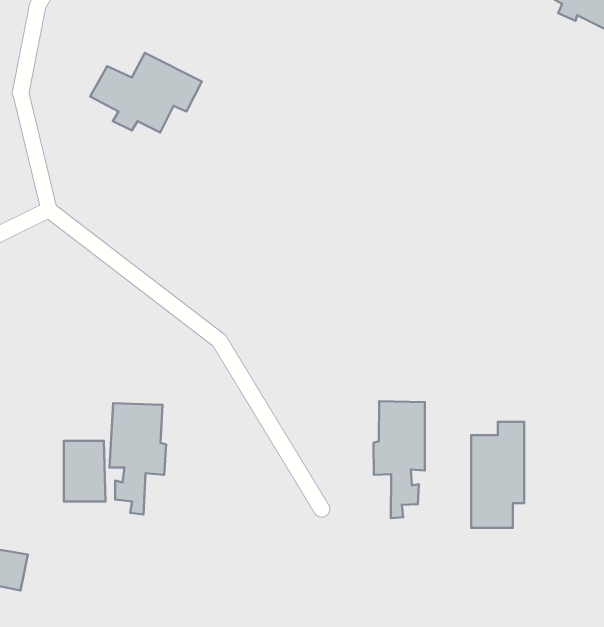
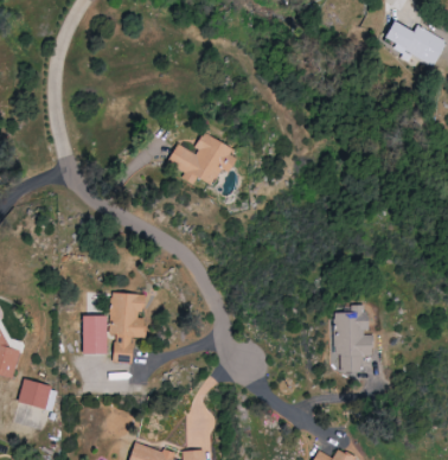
building: [90,53,202,132] -> [169,135,239,185]
building: [374,401,425,518] -> none

